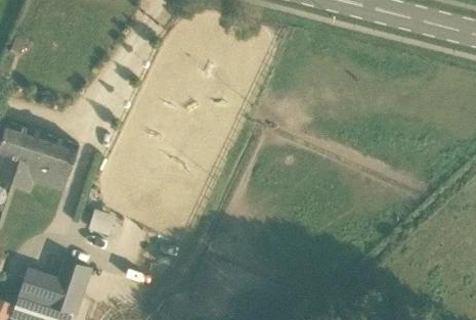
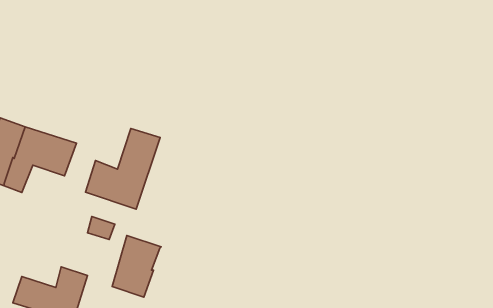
building: none -> [86,129,160,209]
building: none -> [112,235,161,297]

